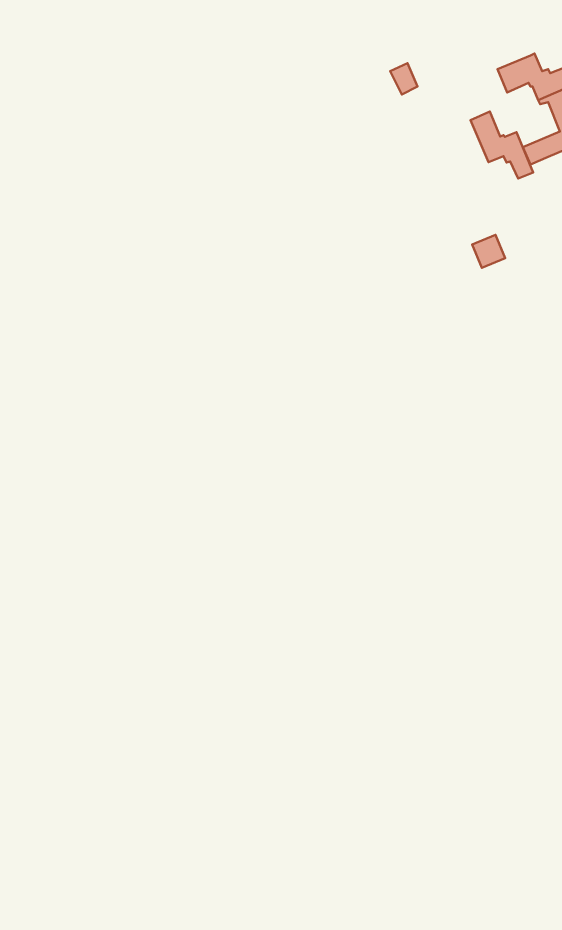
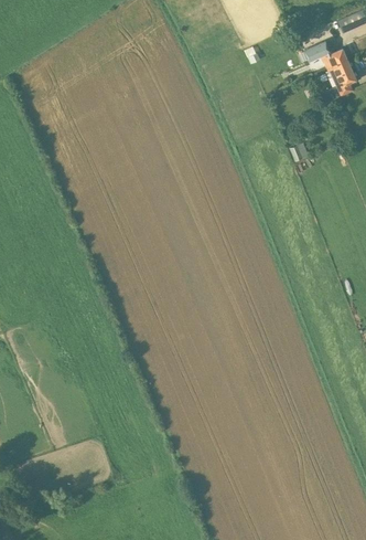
building: [470,112,533,179] -> none

